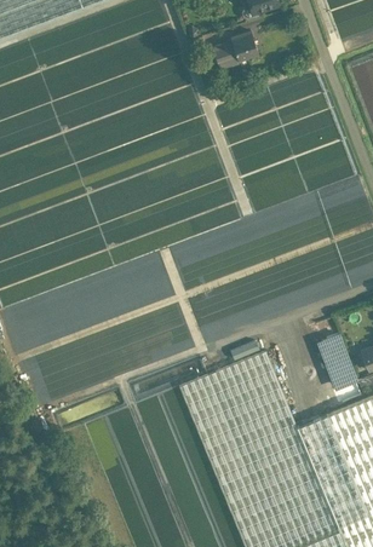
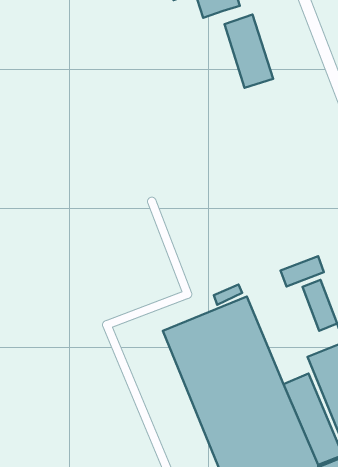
building: none -> [225,15,273,88]
building: none -> [281,256,324,286]

